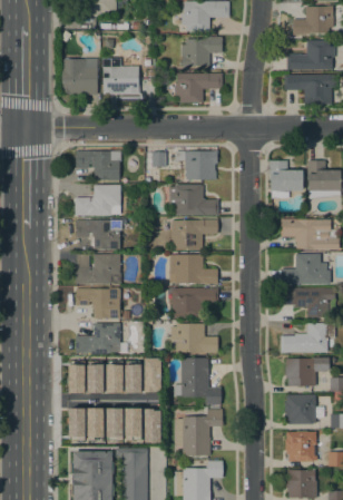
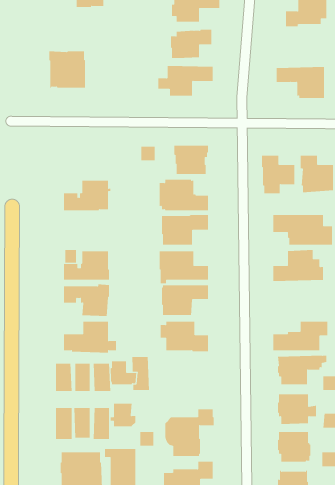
building: [286,39,335,69] -> none
building: [102,58,140,94] -> none
building: [76,150,121,180] -> none
building: [76,219,122,249] -> none
building: [282,287,335,317] -> none
building: [174,357,220,404] -> none

